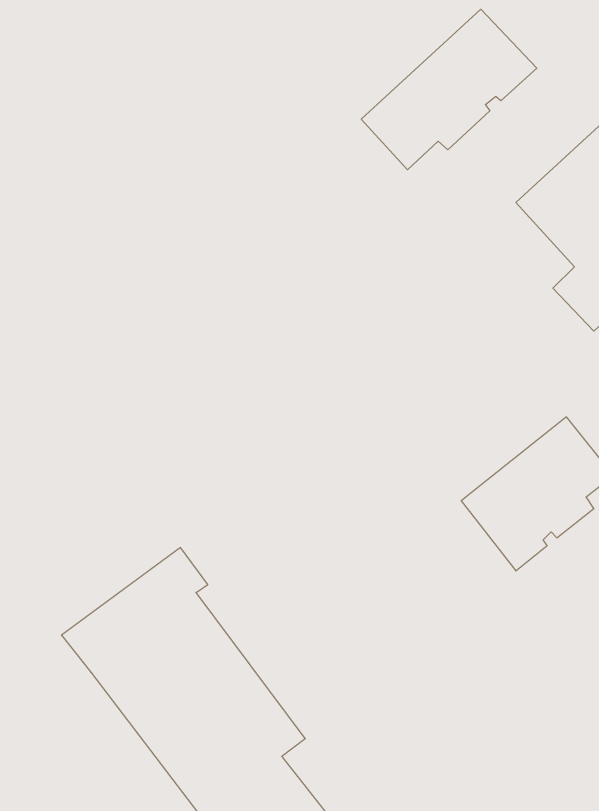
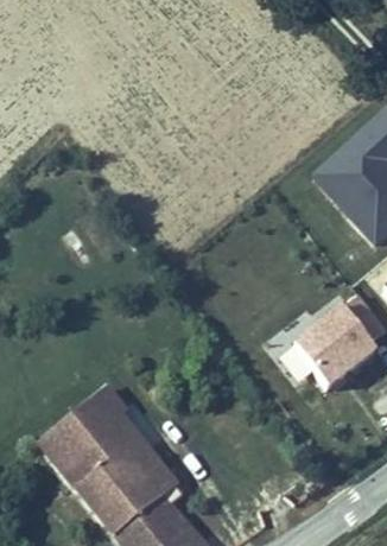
building: [361,9,537,170] -> none

